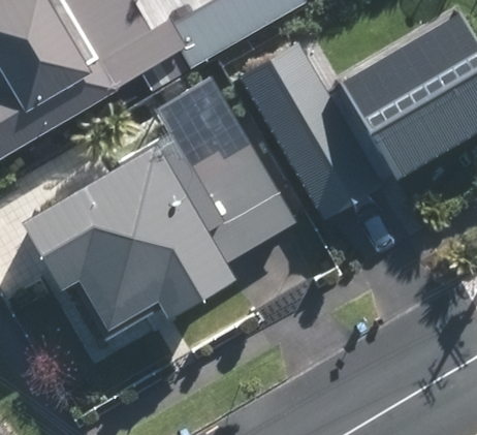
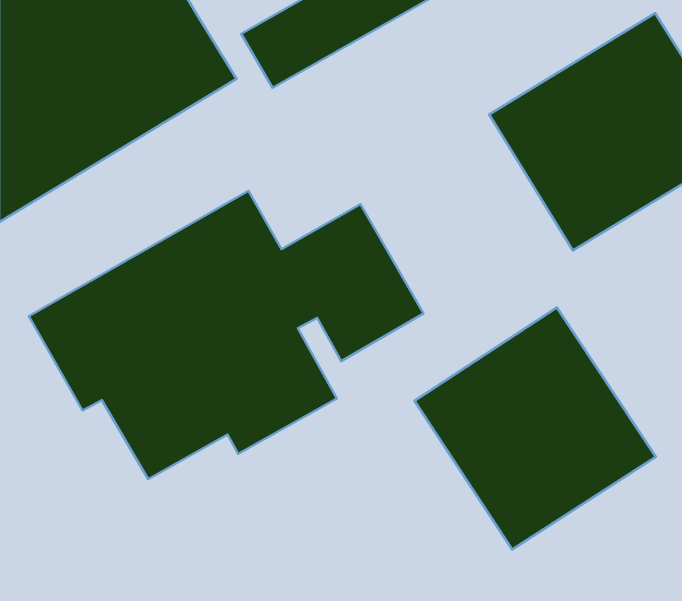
building: [237,45,382,219] -> none
building: none -> [414,308,656,549]

